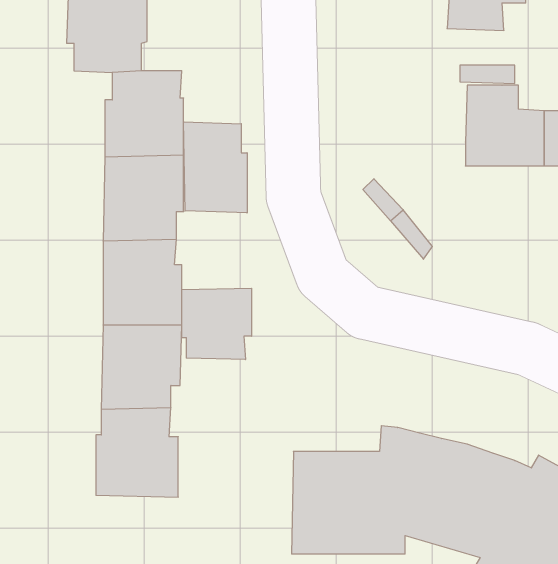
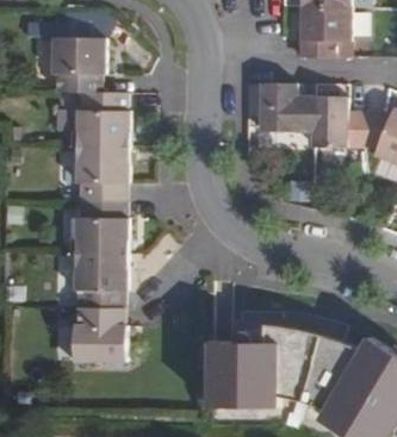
building: none -> [261,82,314,132]
building: [184,122,247,213] -> none
building: [182,288,252,360] -> none

